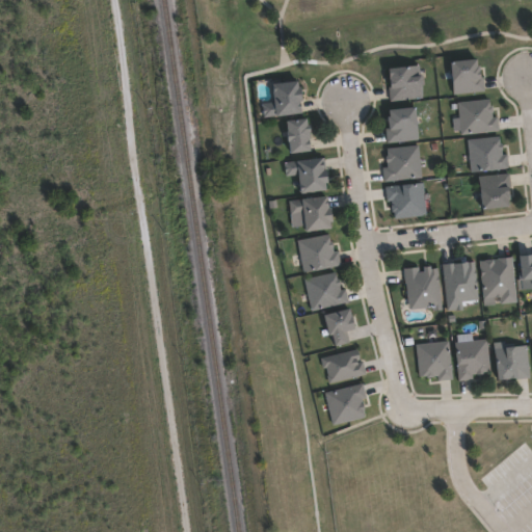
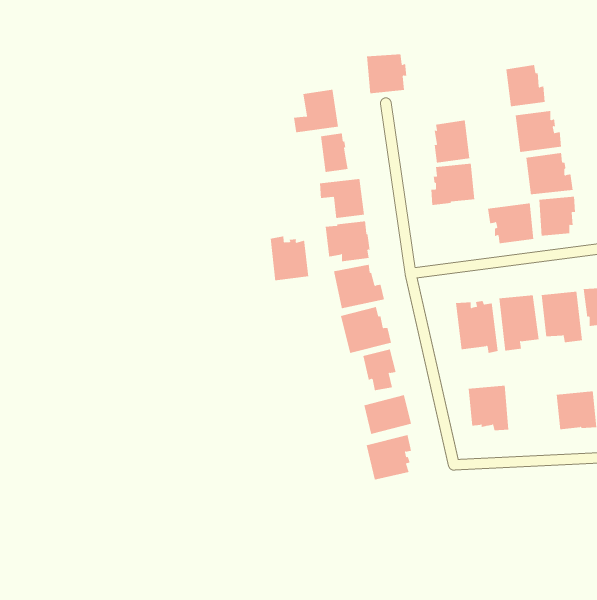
building: [389,65,425,101] -> [366,54,407,94]
building: [385,182,427,218] -> [487,203,534,244]
building: none -> [270,236,309,281]
building: [454,334,491,381] -> none

